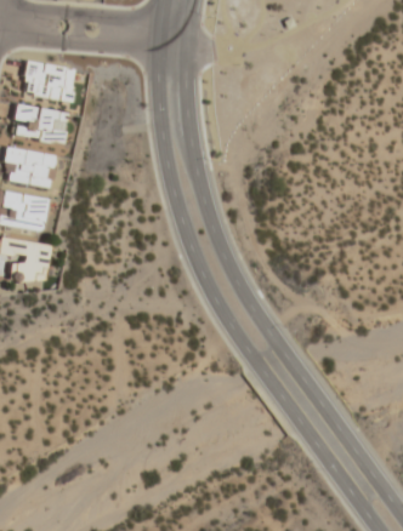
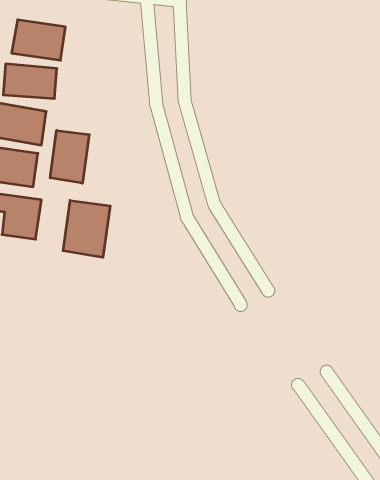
building: none -> [50,130,89,183]
building: none -> [63,200,110,257]

